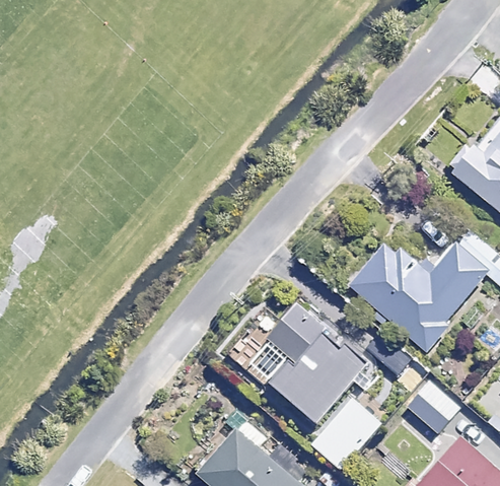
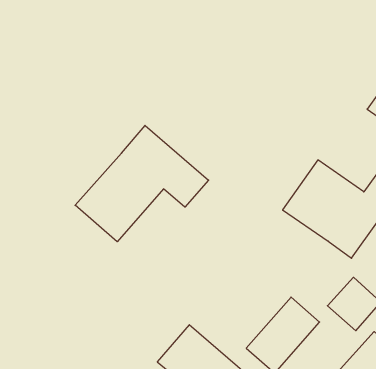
building: none -> [75,125,209,242]
building: [226,298,371,431] -> none

